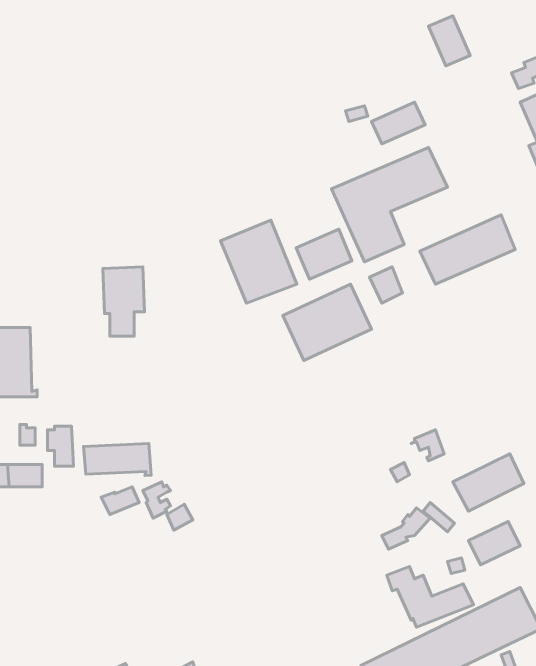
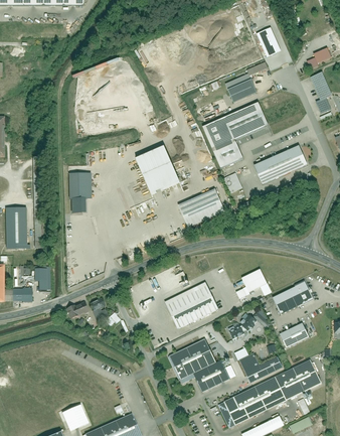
building: [296,229,352,279] -> none
building: [84,444,151,476] -> none
building: none -> [165,281,218,328]
building: none -> [167,337,230,392]

